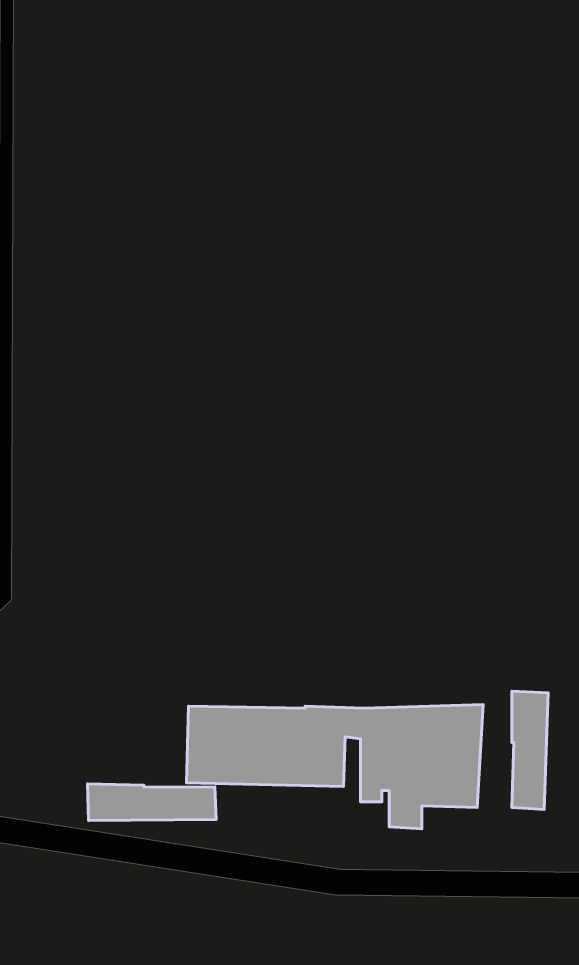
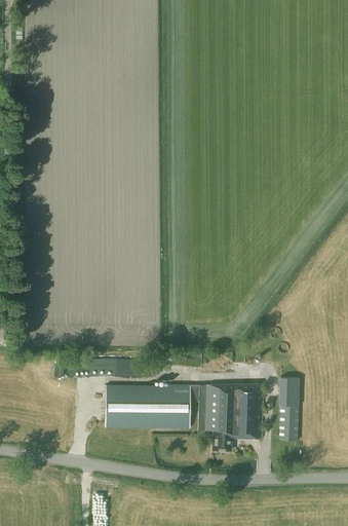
building: [87,784,216,820] -> none

